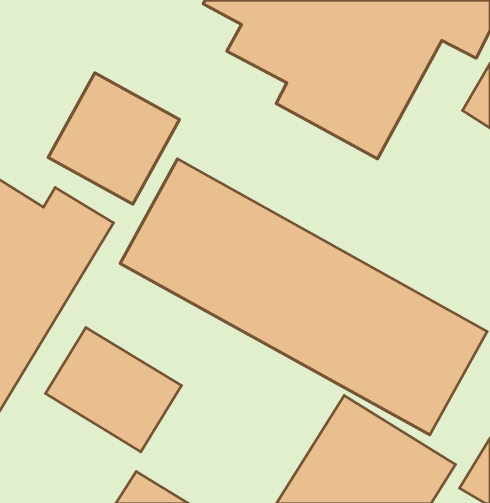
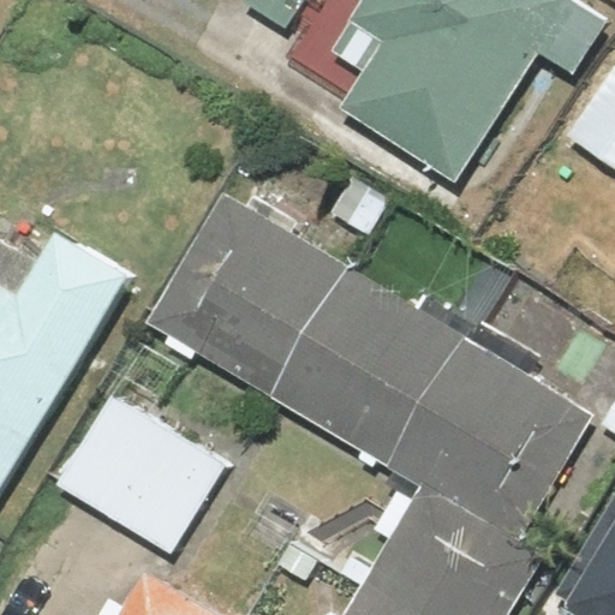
building: [48,73,179,204] -> none

